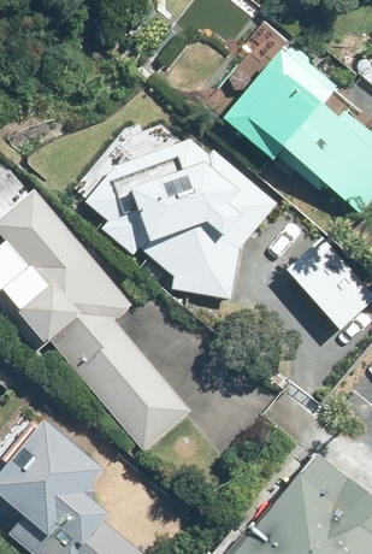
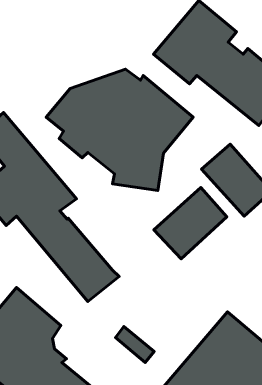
building: none -> [154,188,227,259]

